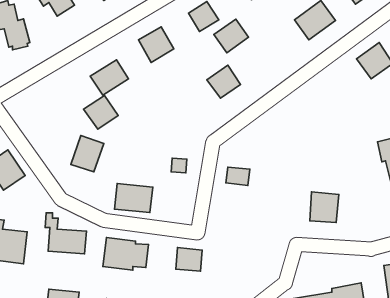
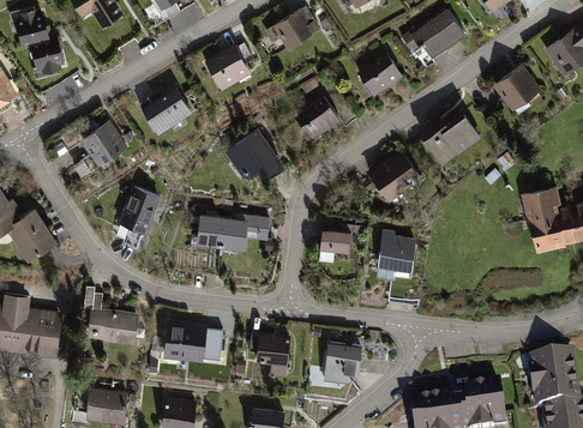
building: [214,19,249,53] -> [359,52,404,96]
building: none -> [425,110,483,164]
building: none -> [222,126,284,181]
building: [83,95,118,129] -> [79,121,125,165]
building: none -> [368,151,421,201]
building: [114,184,153,213] -> [198,210,248,248]
building: [310,192,339,223] -> [379,229,417,270]
building: none -> [325,342,363,380]

